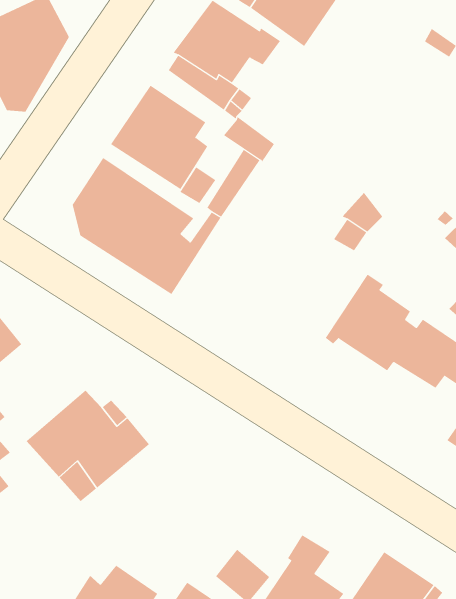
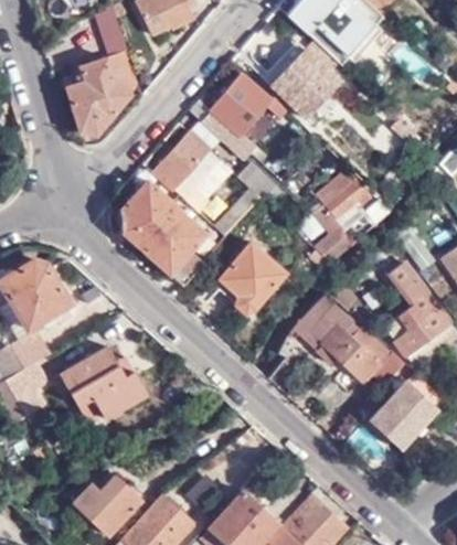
building: none -> [316,167,368,227]
building: none -> [217,242,286,312]

